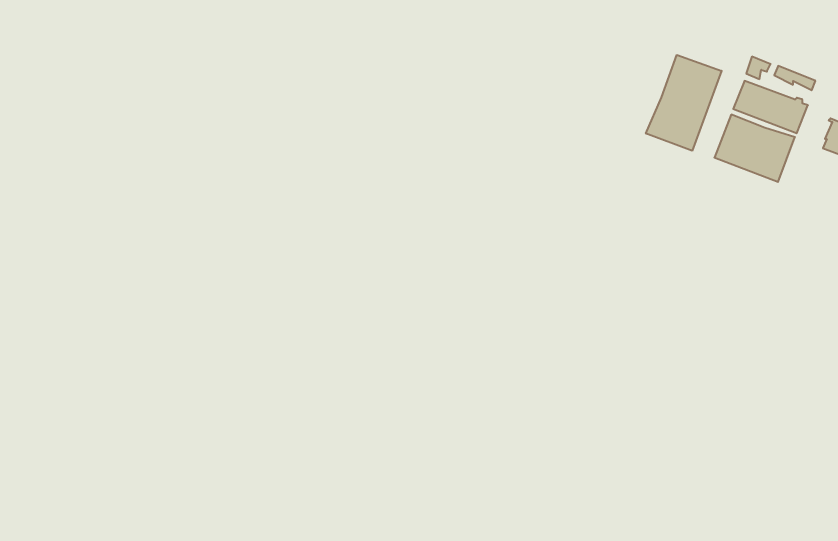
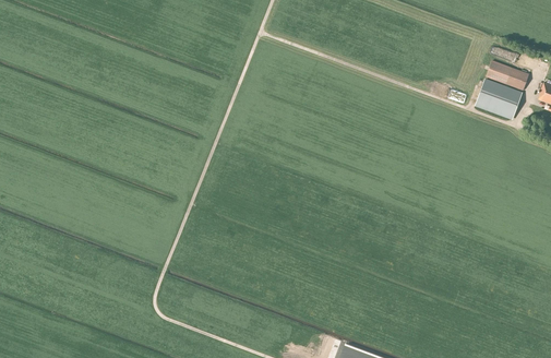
building: [646,55,722,151] -> none

